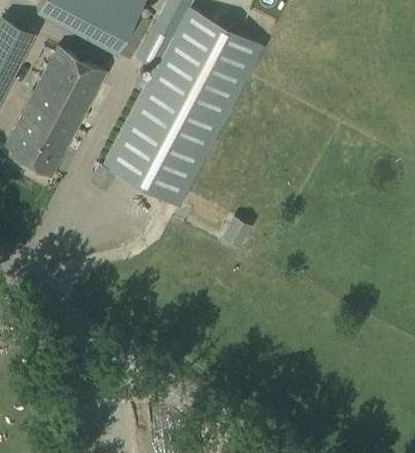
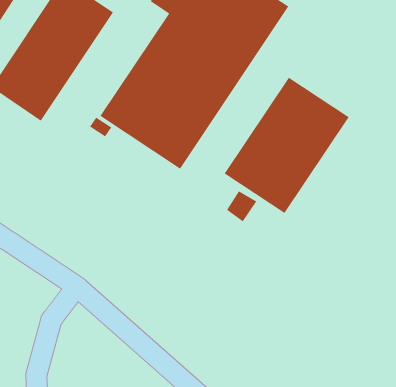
building: none -> [224,77,349,214]

